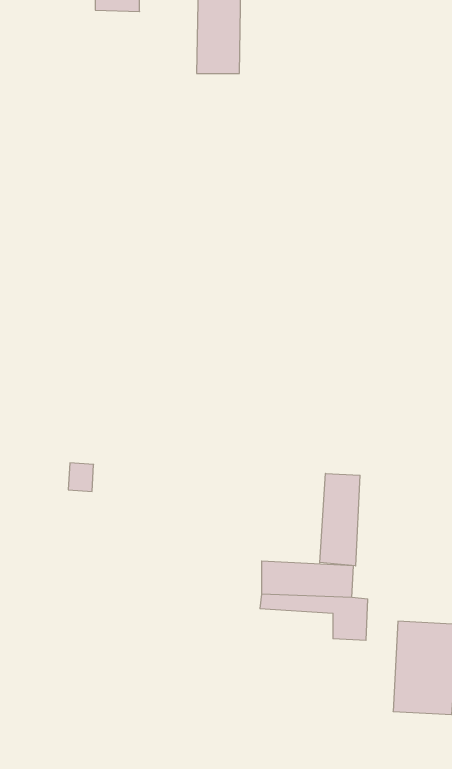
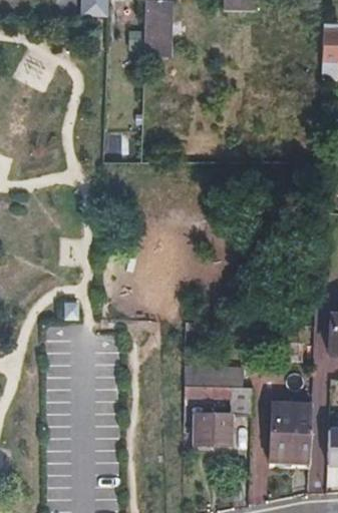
building: [320,473,360,566] -> none
building: none -> [194,407,231,442]

